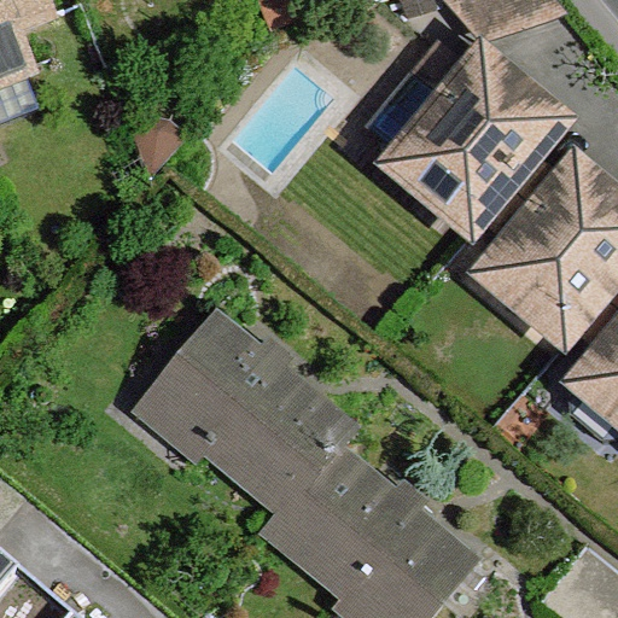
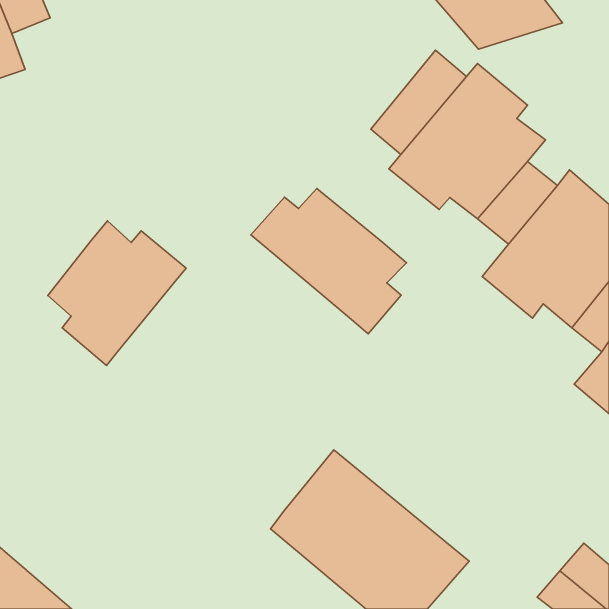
building: none -> [251,189,407,334]
building: none -> [48,221,186,365]
building: [152,325,352,514] -> none

